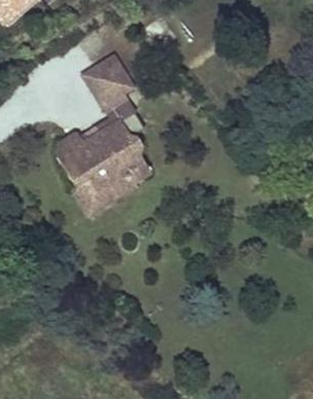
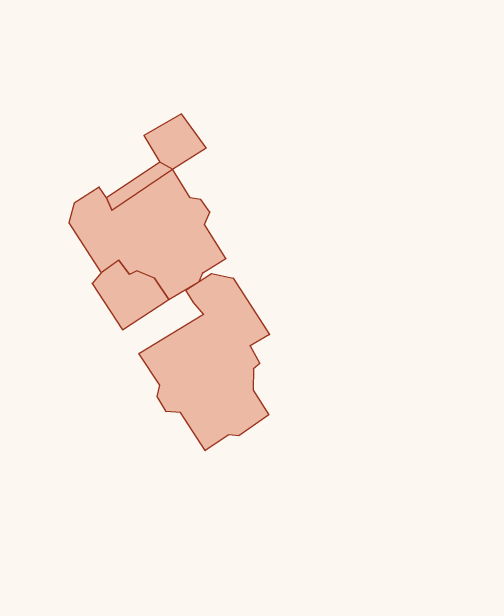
building: [82,55,132,103] -> none
building: none -> [139,274,270,451]

